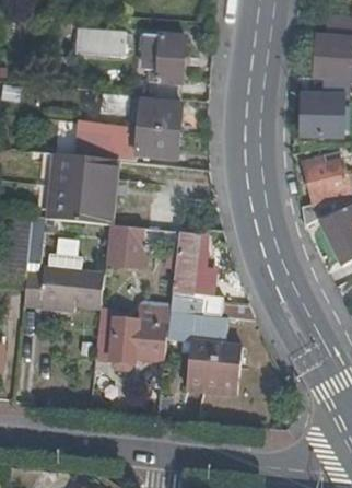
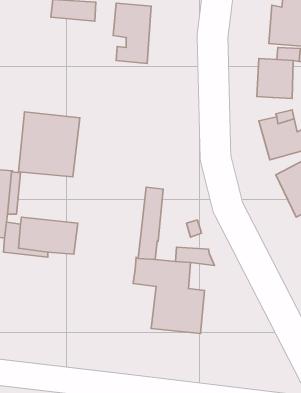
building: [77,100,183,159] -> none
building: [106,224,148,266] -> none
building: [96,307,168,369] -> none

